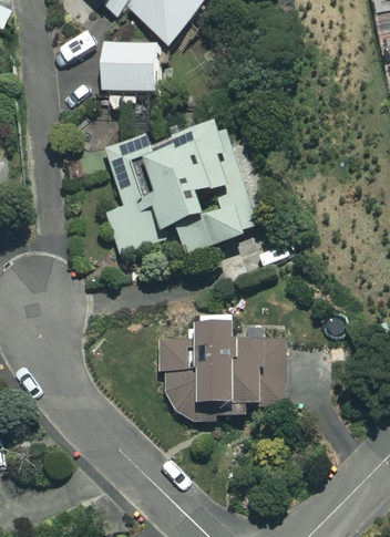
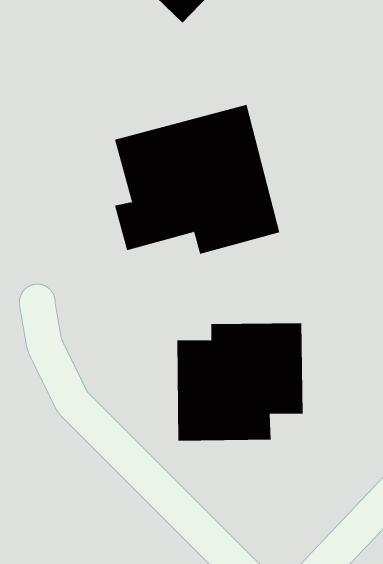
building: [101,42,160,90] -> none

